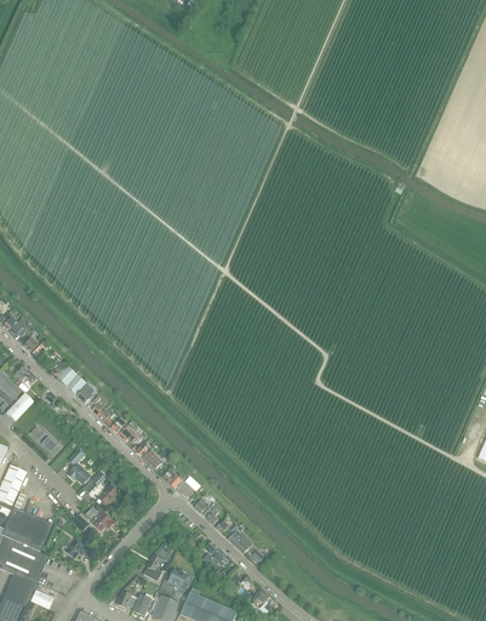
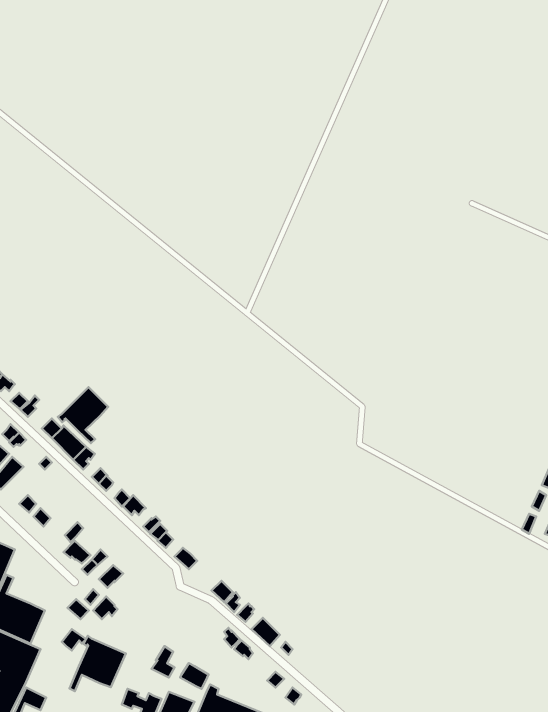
building: none -> [58,387,108,443]
building: none -> [69,636,126,691]

